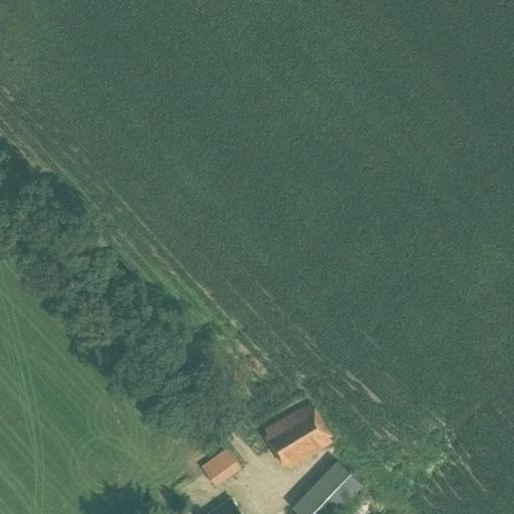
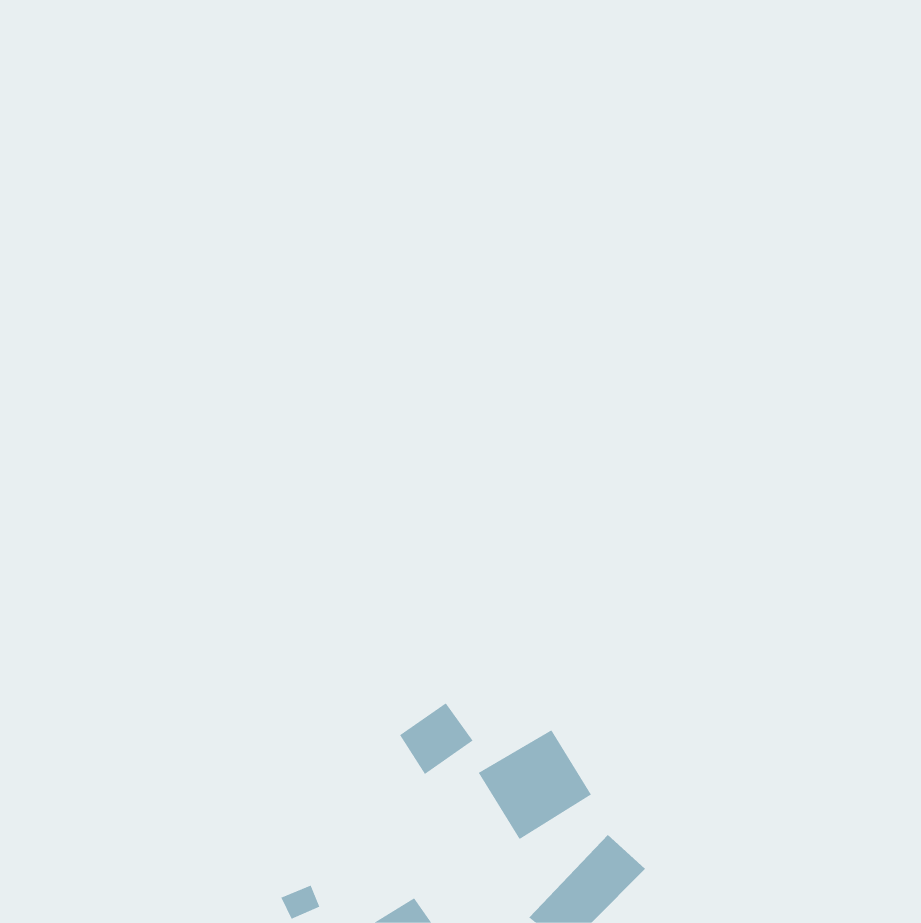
building: [199,447,240,487] -> [399,703,473,775]

